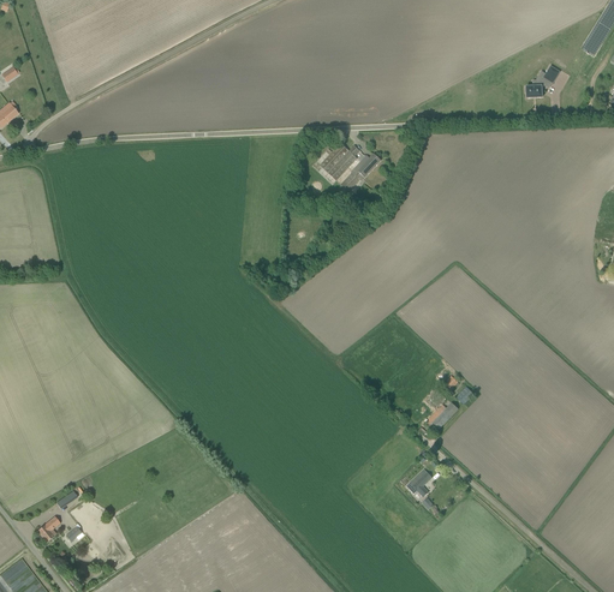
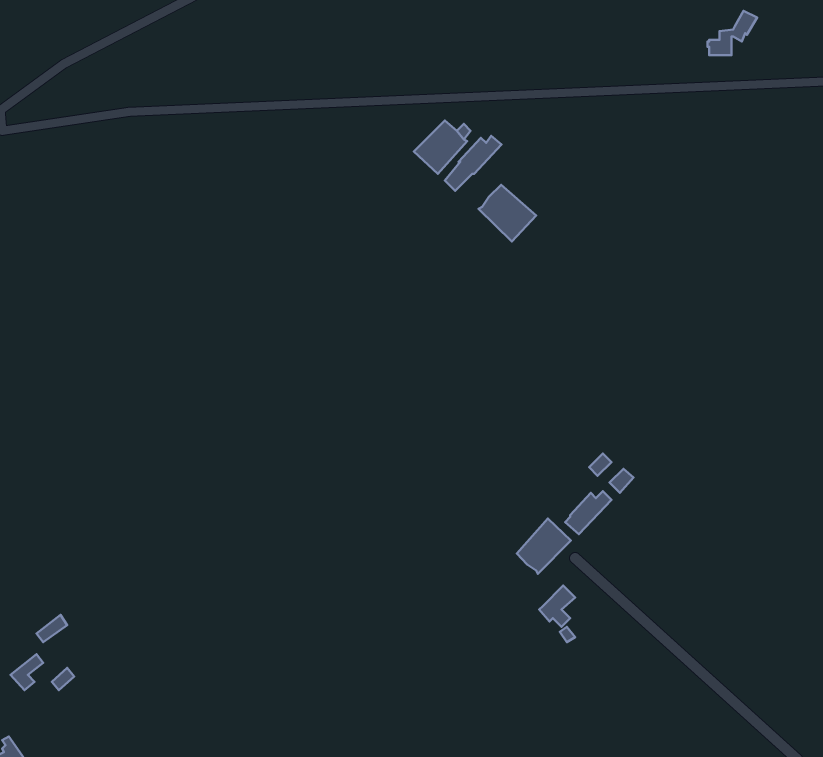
building: none -> [479,185,536,241]
building: none -> [517,519,571,574]

